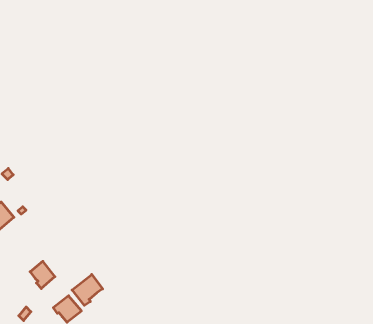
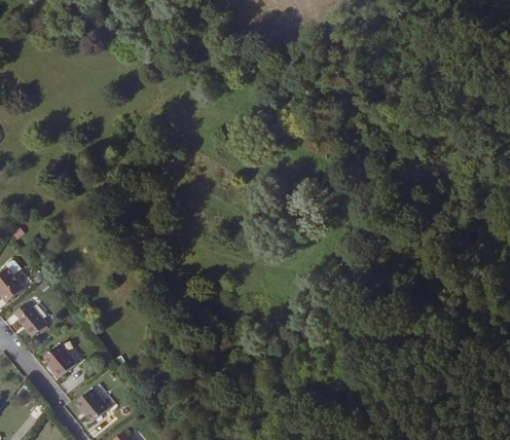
building: none -> [14,301,48,336]
building: [72,274,103,305] -> none

